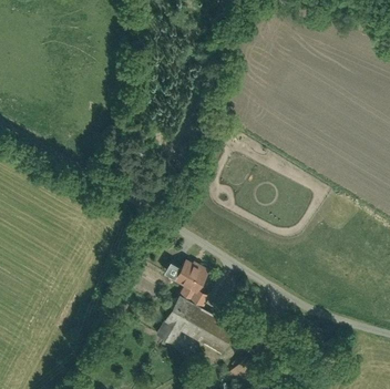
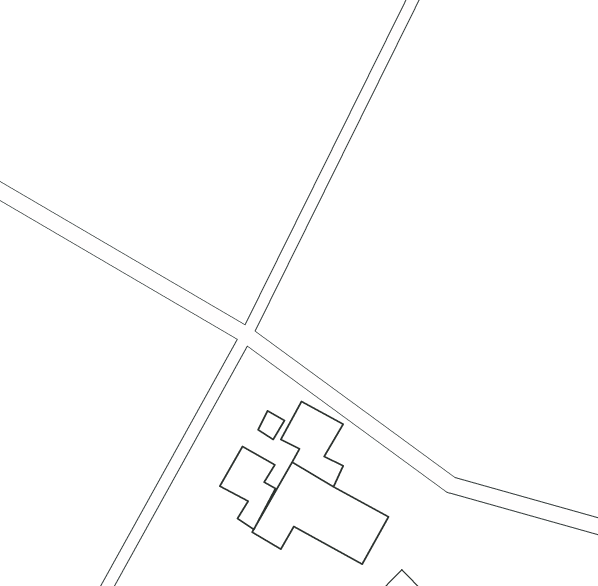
building: none -> [220,446,276,530]

